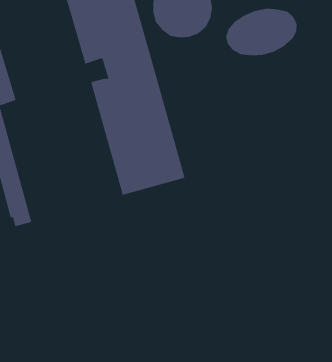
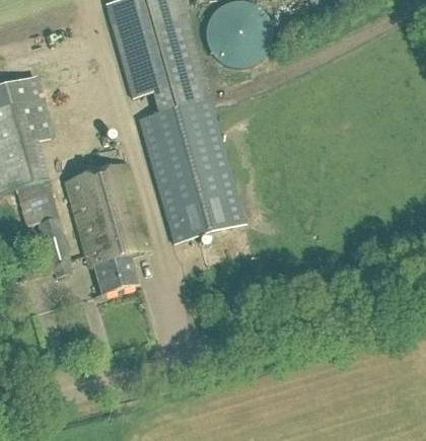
building: [225,8,297,56] -> none
building: none -> [65,162,150,293]

